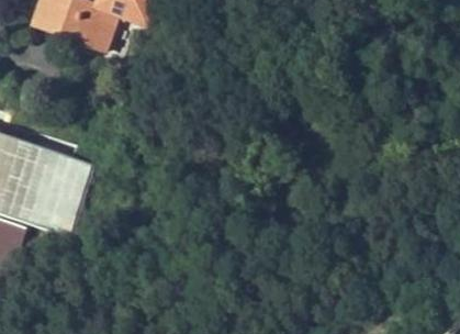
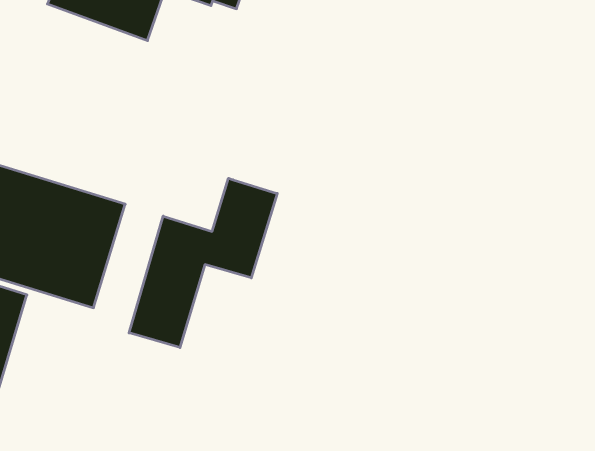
building: none -> [129,178,277,348]

